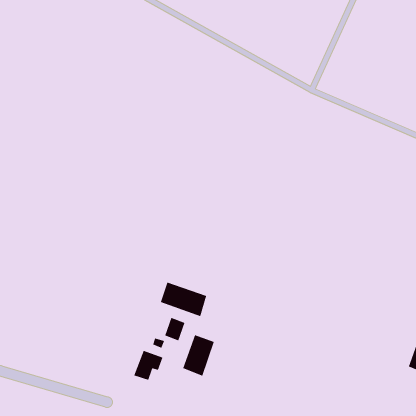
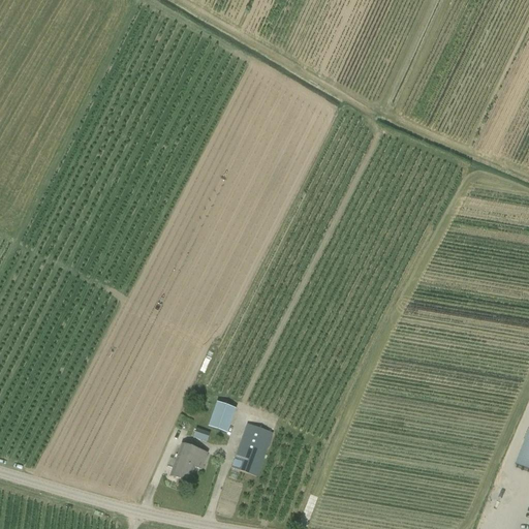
building: [160,282,207,317] -> none

